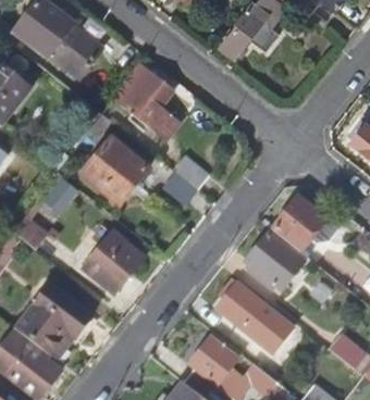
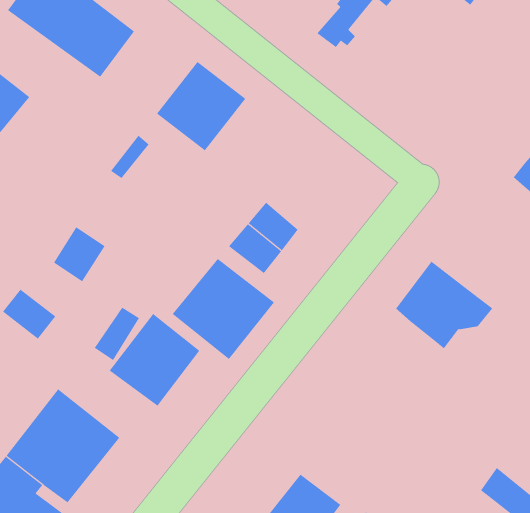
building: [79,139,148,207] -> [172,258,275,360]
building: [246,234,309,290] -> none
building: [214,283,295,355] -> none

